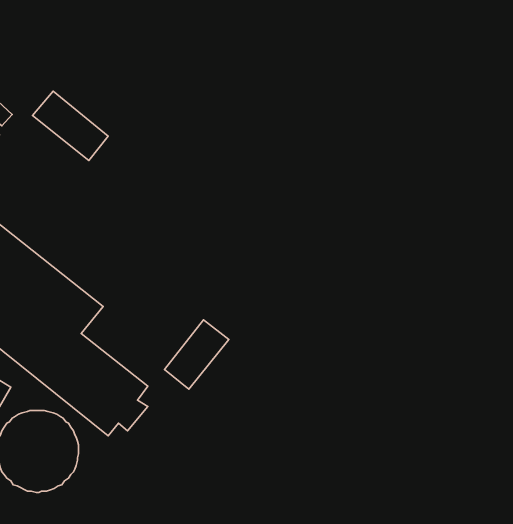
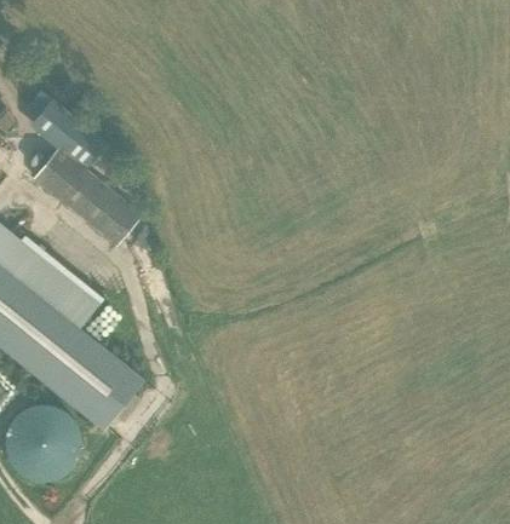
building: none -> [33,149,142,247]
building: [164,320,229,389] -> none

